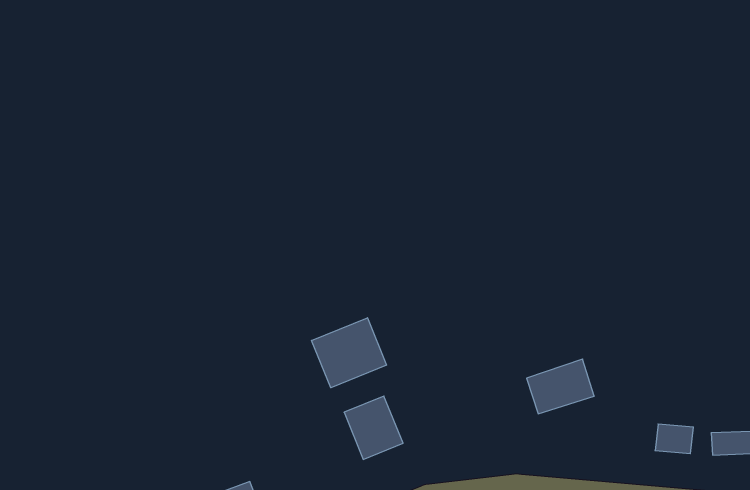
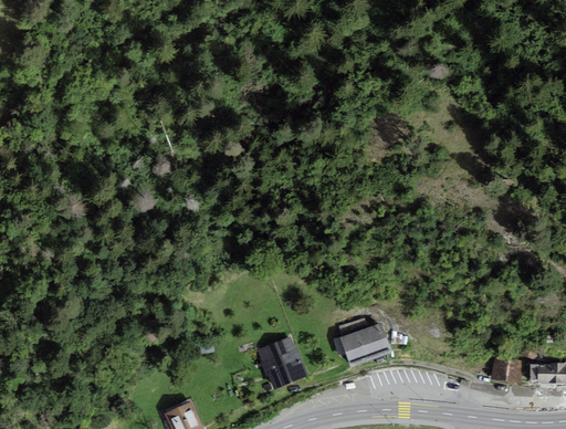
building: [312,318,387,388] -> none
building: [527,359,594,414] -> [337,323,388,364]

